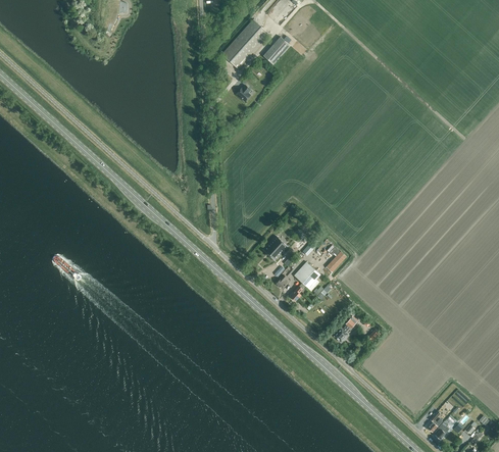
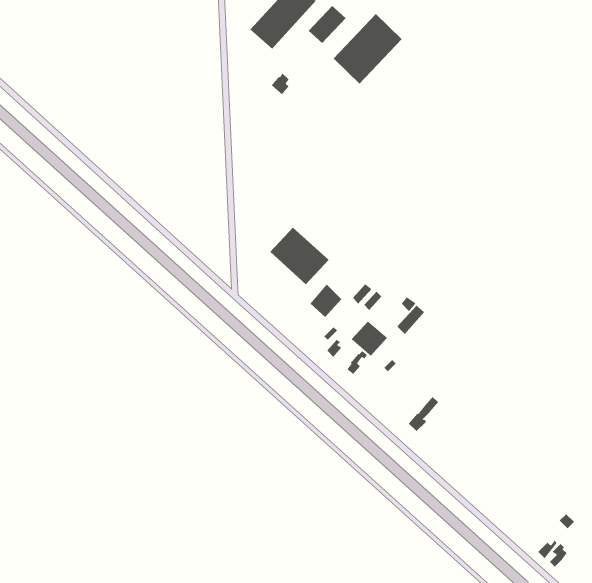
building: none -> [333,13,402,85]
building: none -> [269,227,329,285]

